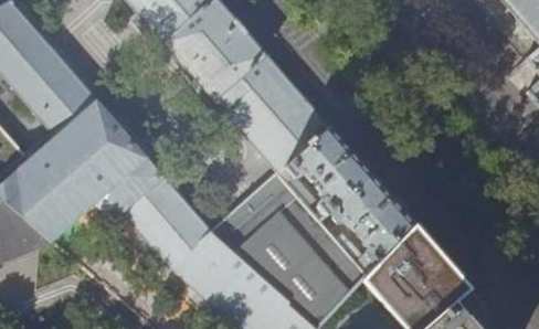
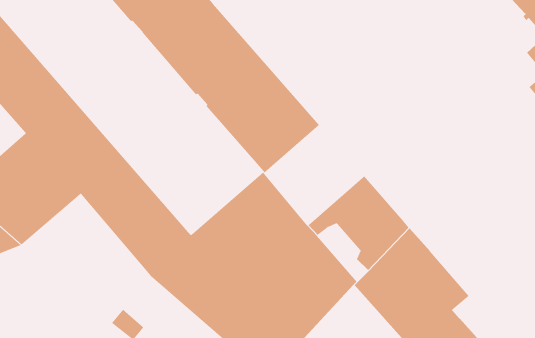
building: [279,128,373,222] -> none

